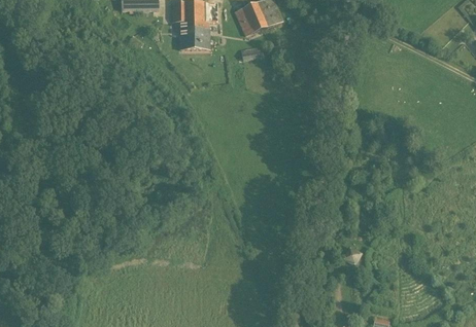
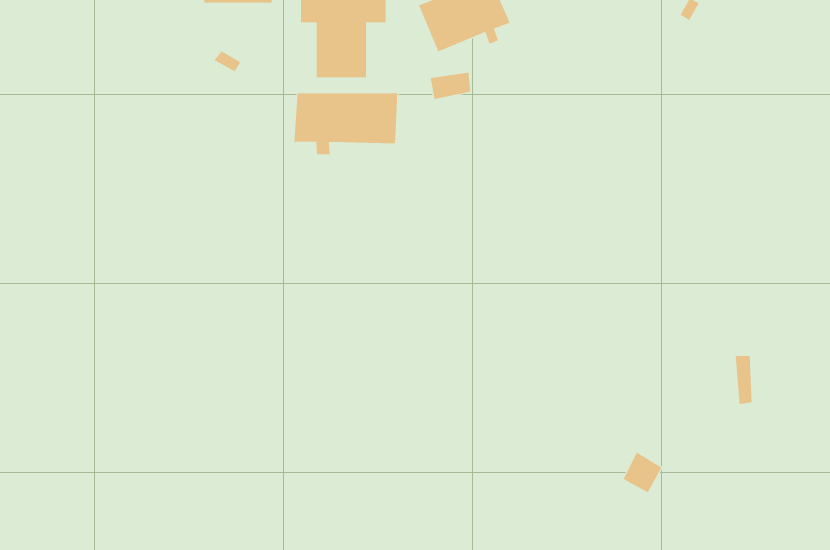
building: none -> [294,93,398,155]

